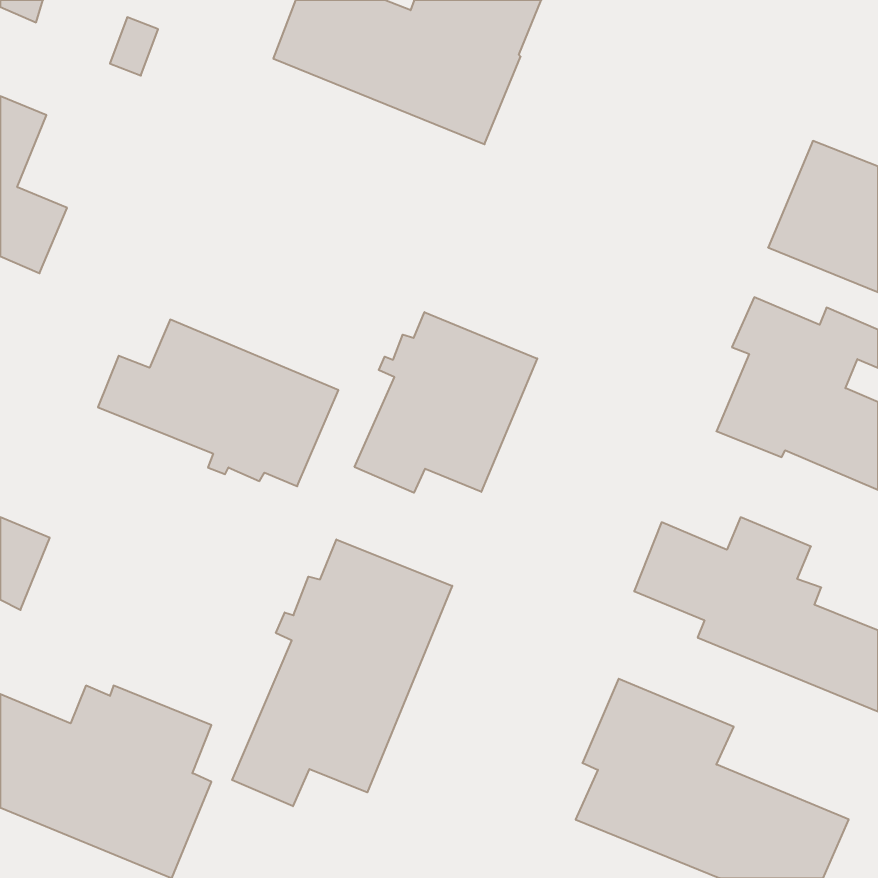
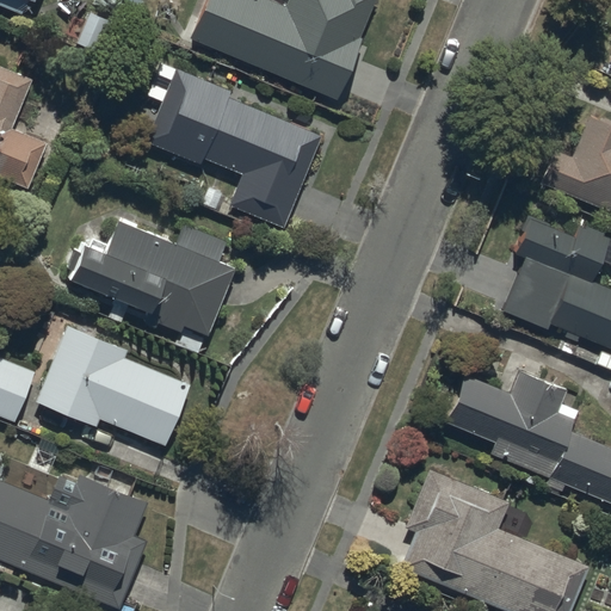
building: none -> [146,70,320,229]
building: [355,312,537,493] -> none
building: none -> [36,327,190,448]
building: [232,539,452,806] -> none

